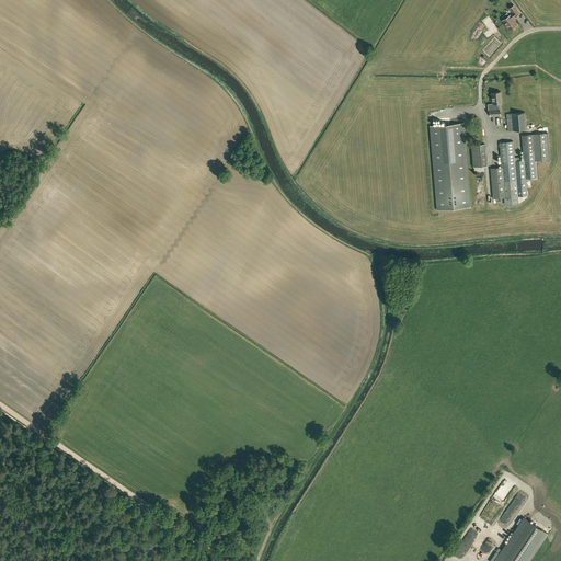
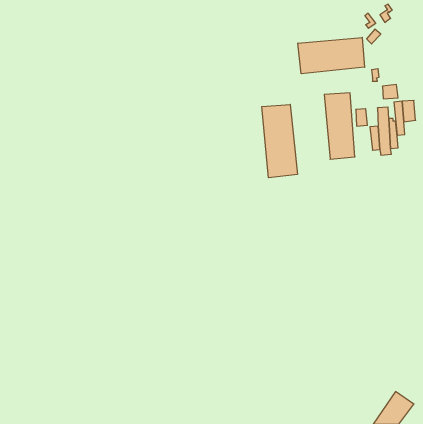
building: none -> [298,37,365,74]
building: none -> [262,104,297,178]

